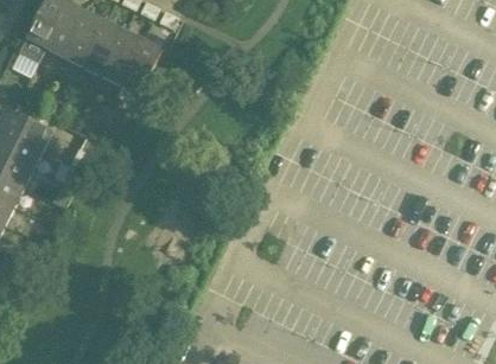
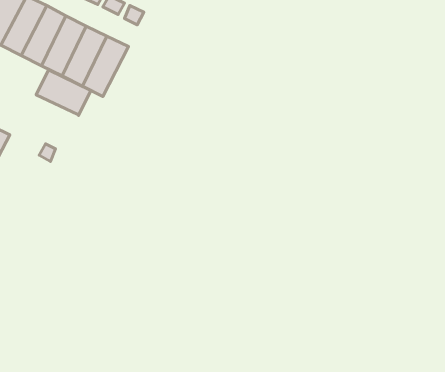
building: none -> [36,70,91,116]

